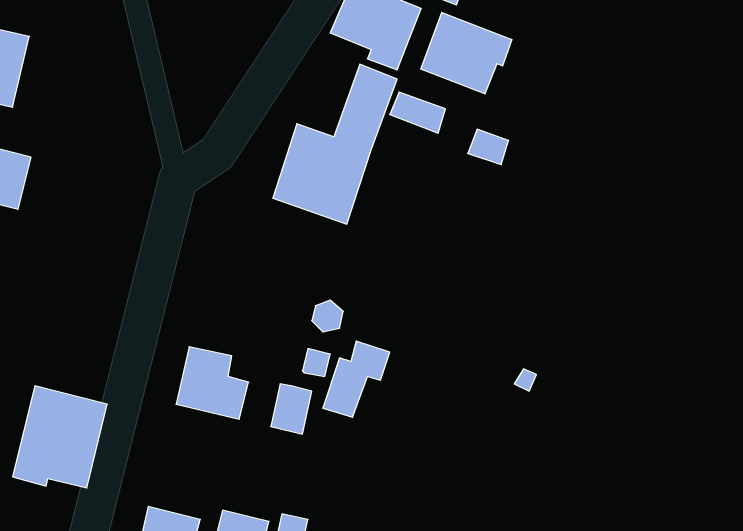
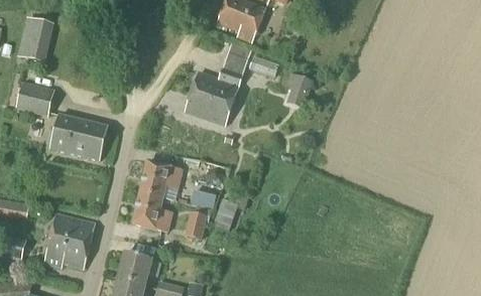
building: [421,12,512,94] -> none
building: none -> [49,114,108,159]
building: none -> [139,160,182,196]
building: none -> [117,251,152,285]

